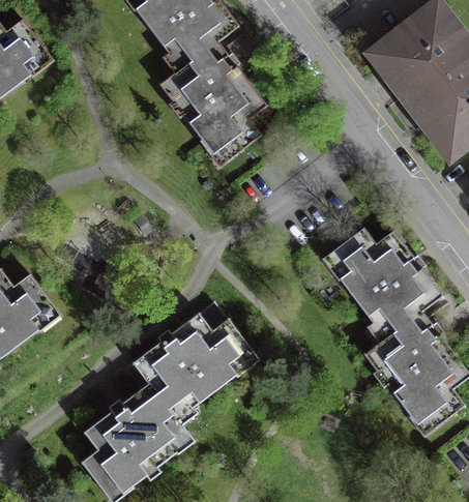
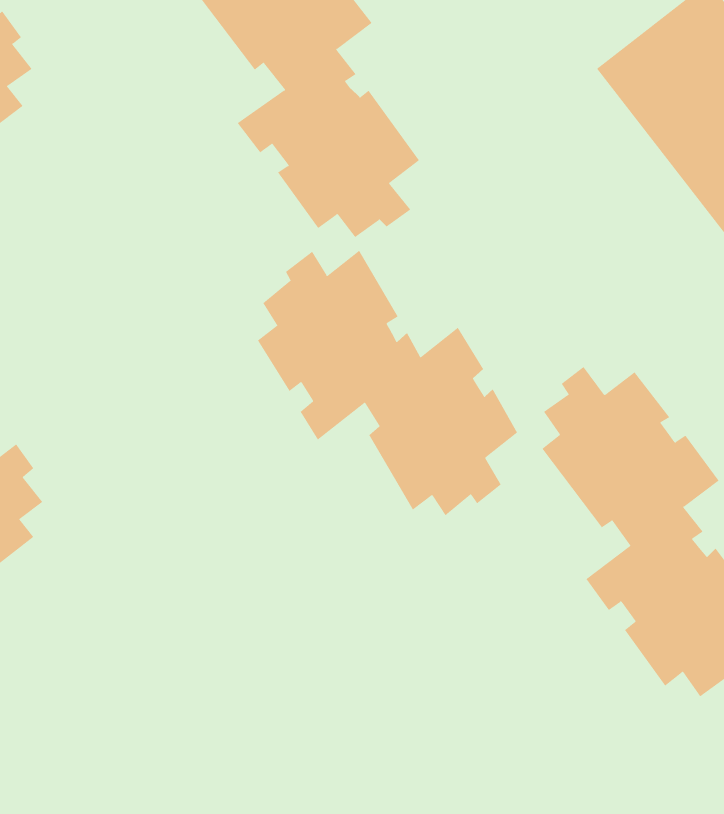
building: none -> [257,250,518,516]
building: [79,315,241,489] -> none

